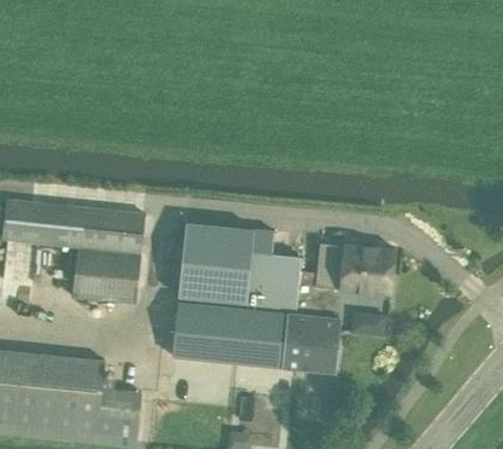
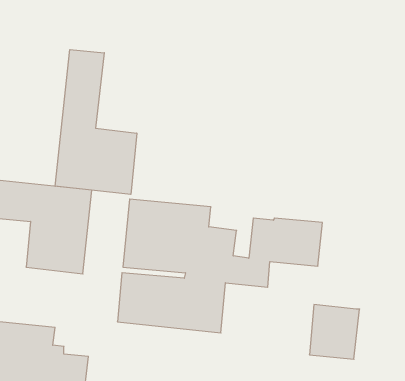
building: none -> [55,50,137,194]
building: [285,313,339,373] -> [309,305,360,359]

